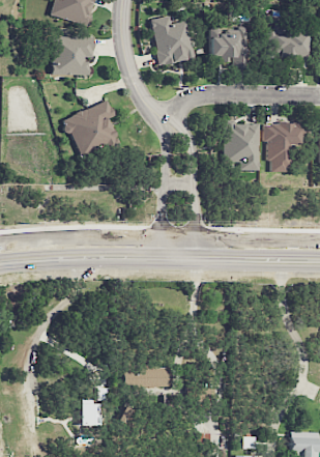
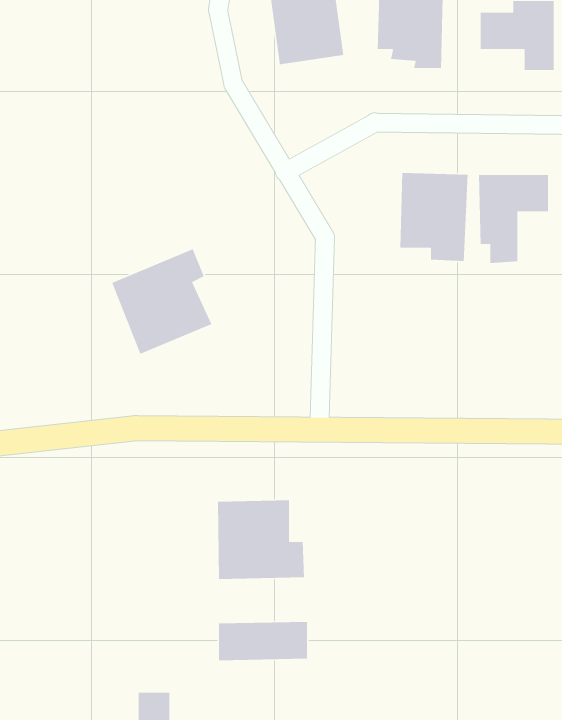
building: [52,36,93,76] -> none
building: [63,101,118,159] -> [111,248,212,355]
building: none -> [217,500,305,580]

